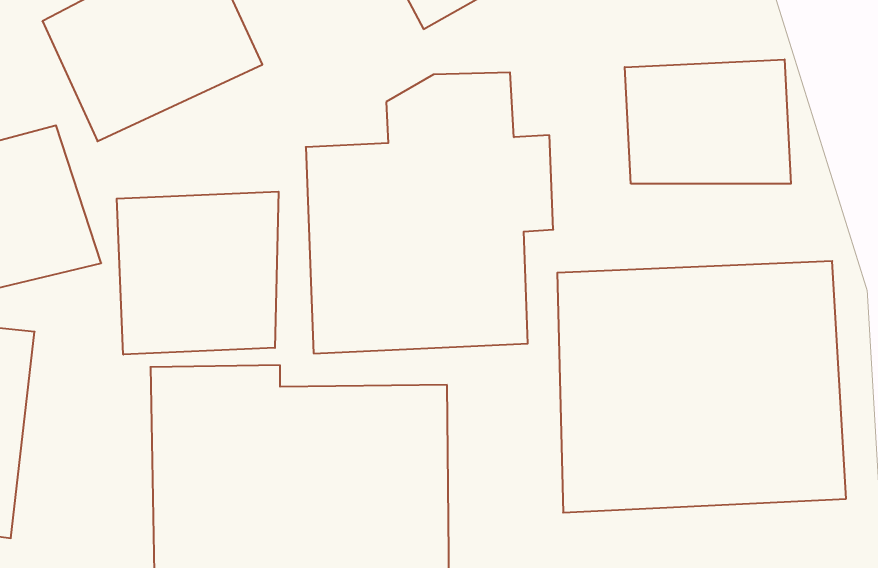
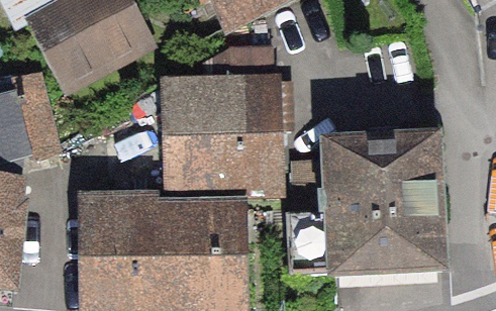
building: [625,59,791,184] -> none
building: [117,192,279,355] -> none

